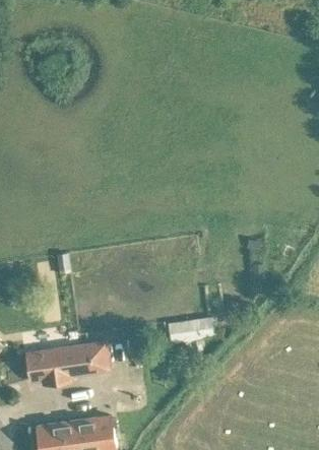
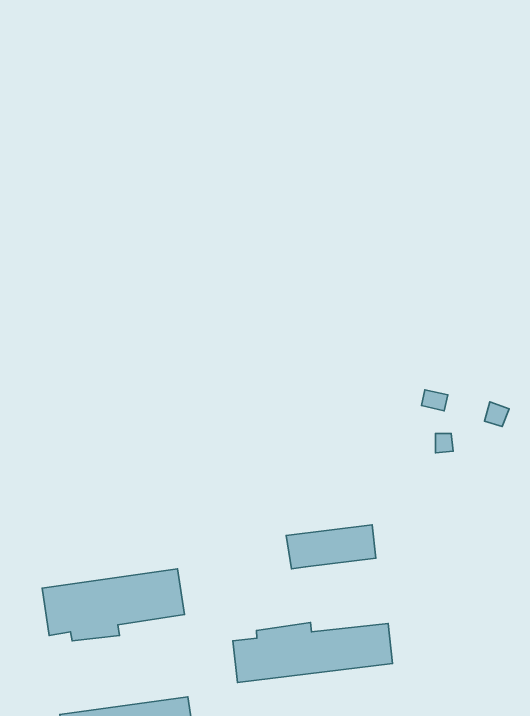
building: none -> [233,623,392,682]

